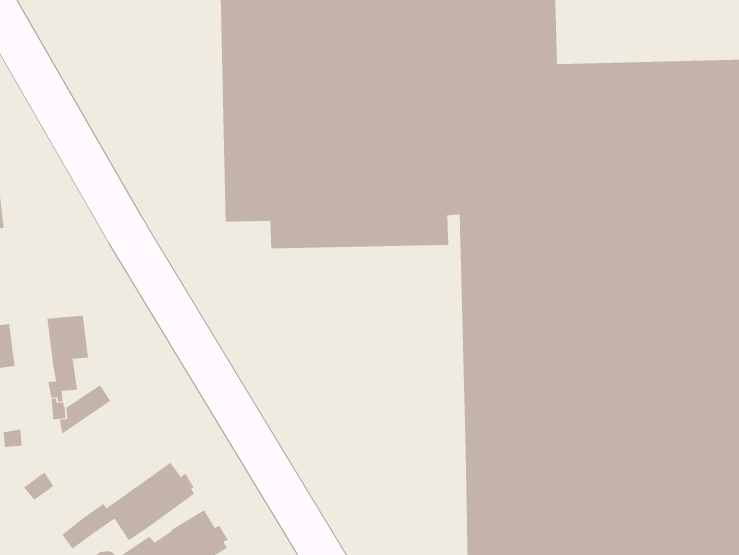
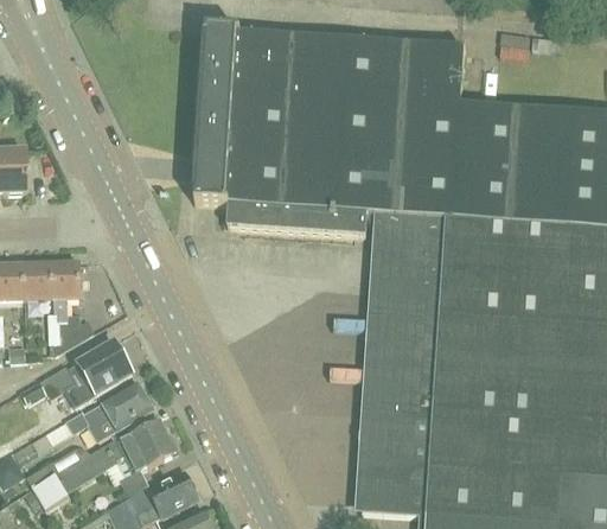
building: none -> [24,261,53,295]
building: none -> [65,339,133,404]

